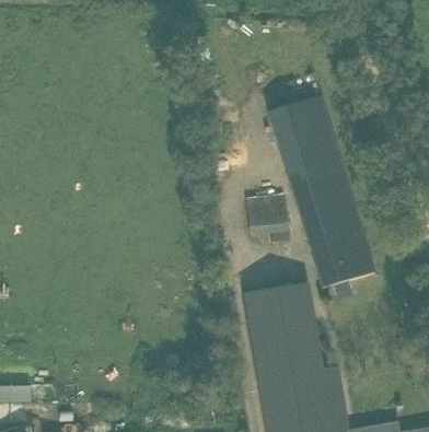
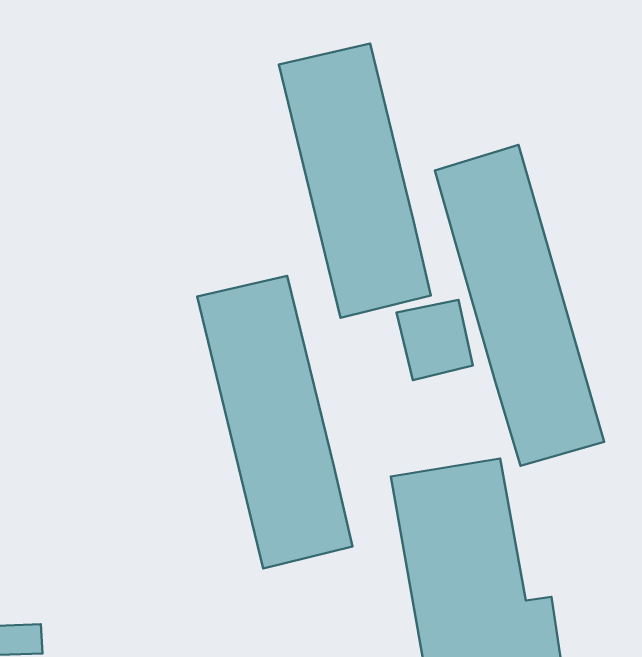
building: none -> [279,43,431,318]
building: none -> [197,276,352,568]

